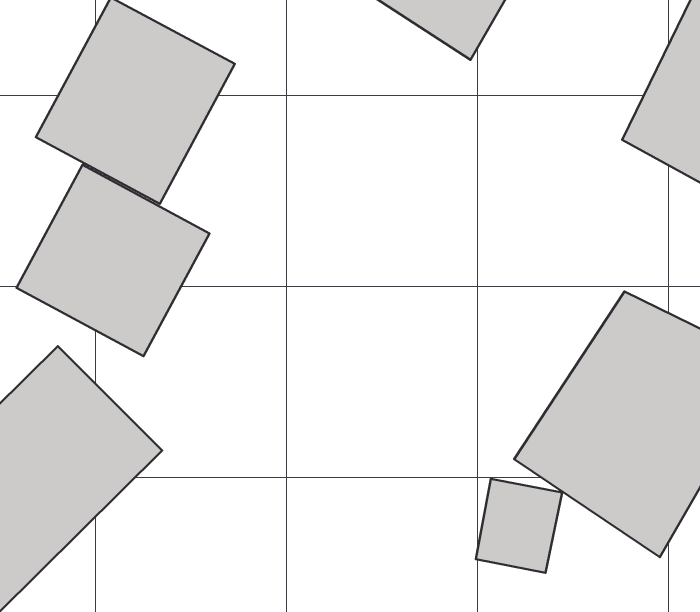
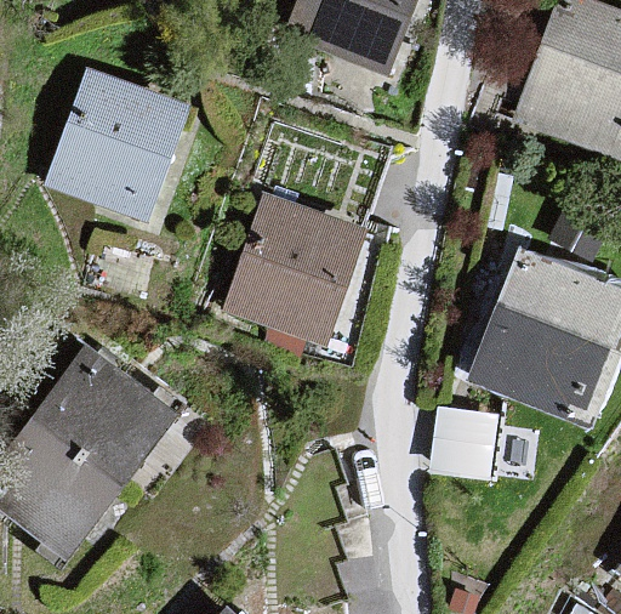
building: [17,165,210,356] -> none
building: none -> [203,184,380,365]

